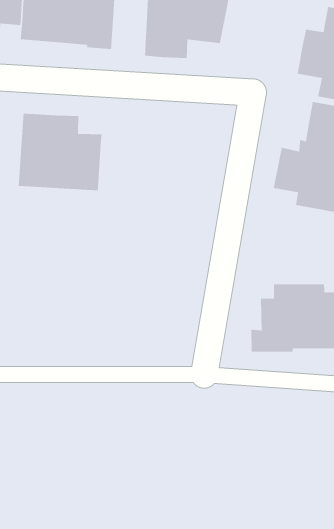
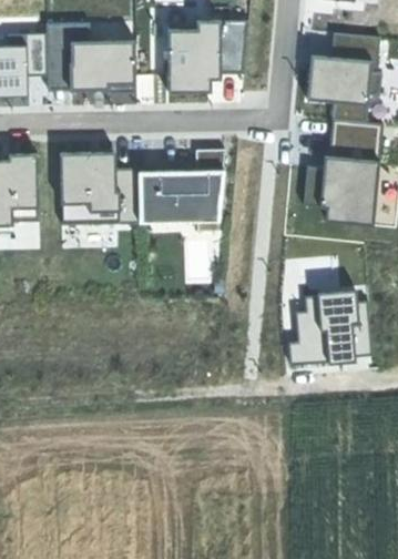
building: none -> [135,149,223,223]

